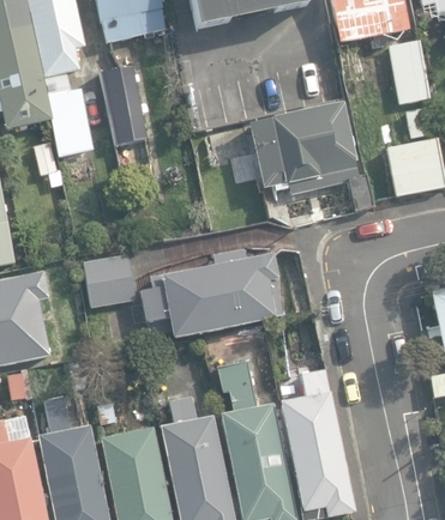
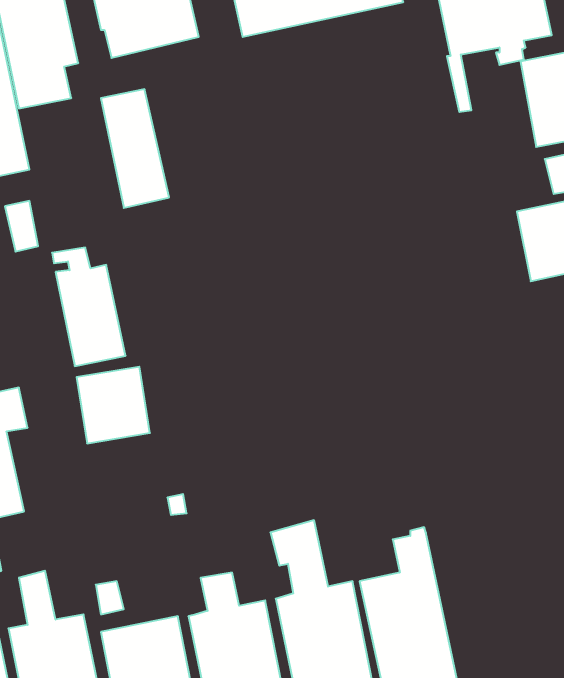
building: [44,75,95,157] -> [52,248,126,366]
building: [248,102,374,210] -> none
building: [140,248,283,338] -> none

